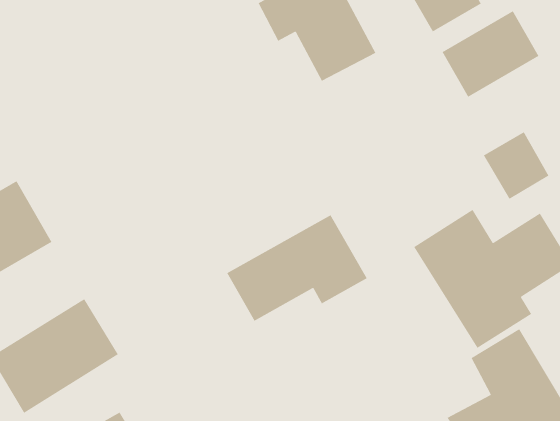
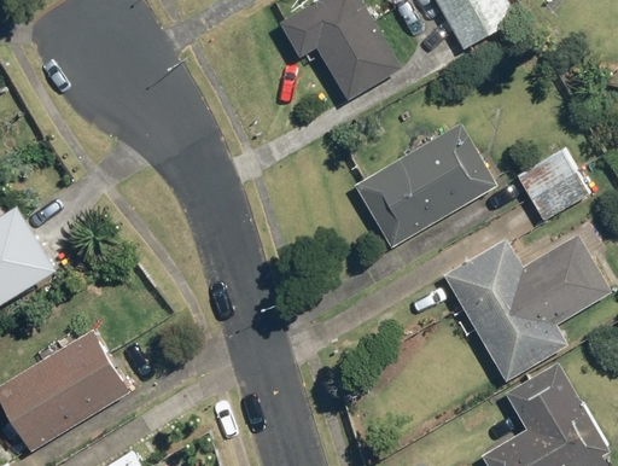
building: [441,10,540,98] -> none
building: none -> [355,126,495,249]
building: [226,214,368,322] -> none

